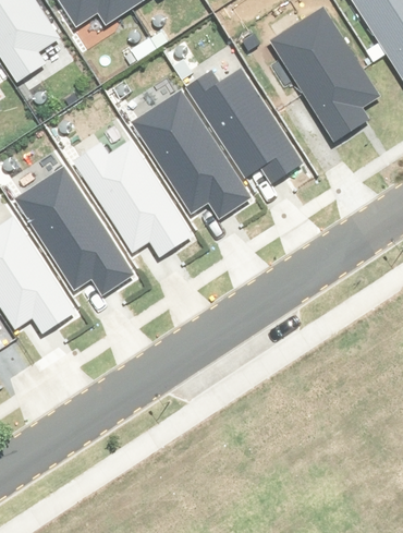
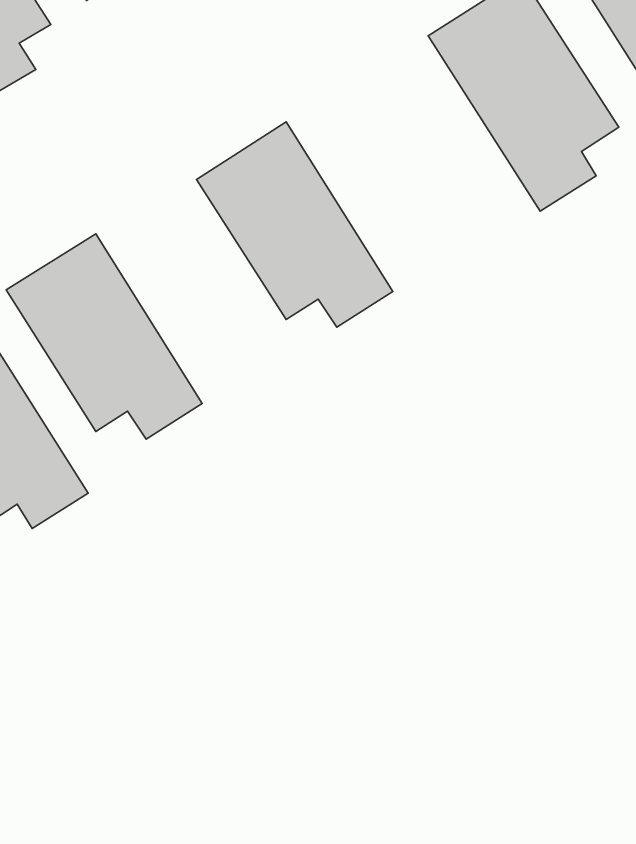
building: [190,77,298,193] -> none
building: [78,142,187,258] -> none

